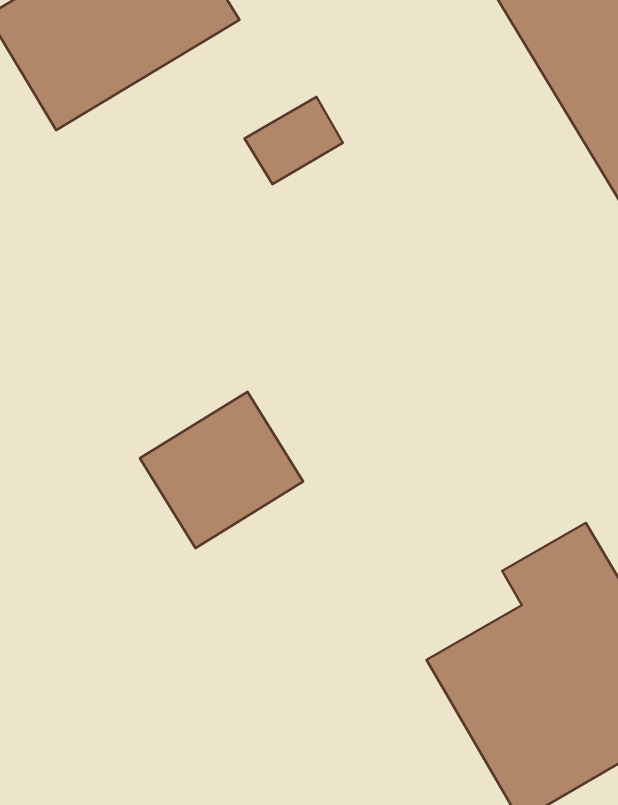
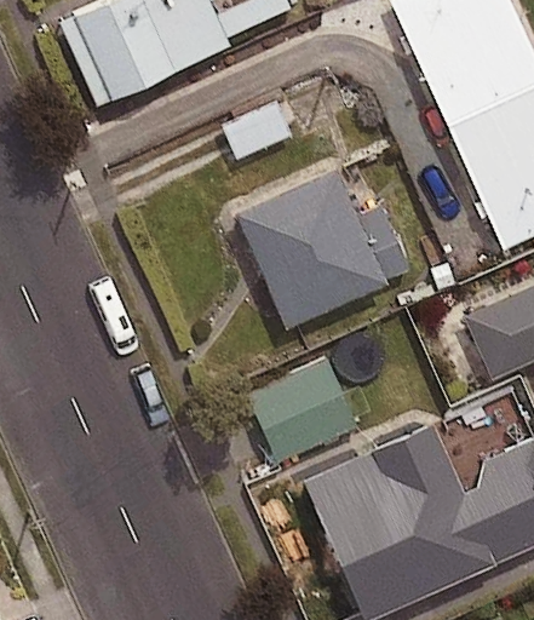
building: none -> [234,167,386,327]
building: [140,392,303,548] -> [247,358,358,463]

